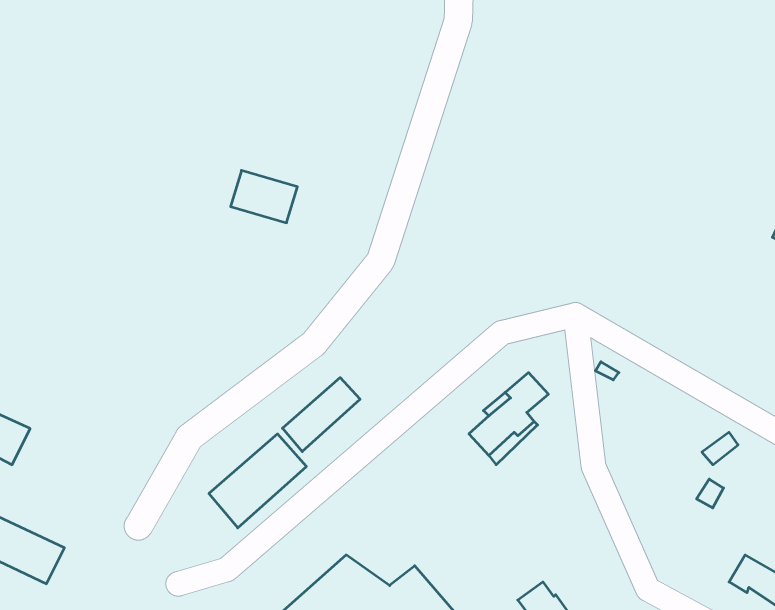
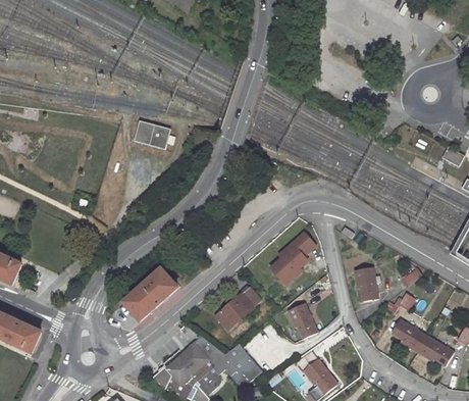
building: [282,378,360,452] -> [216,287,260,329]
building: none -> [354,265,377,300]
building: none -> [288,302,317,338]
building: none -> [392,319,425,351]

